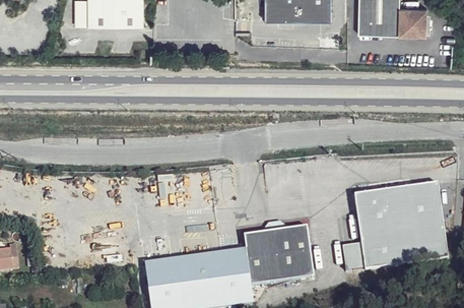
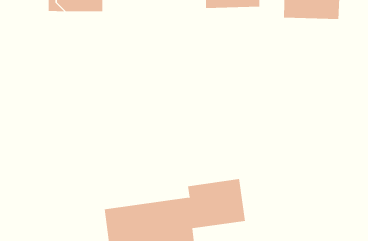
building: [341,182,448,270] -> none

